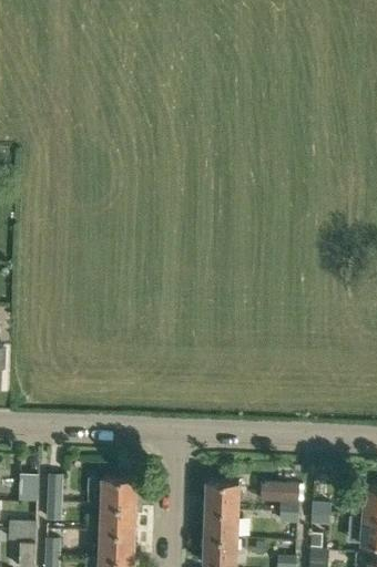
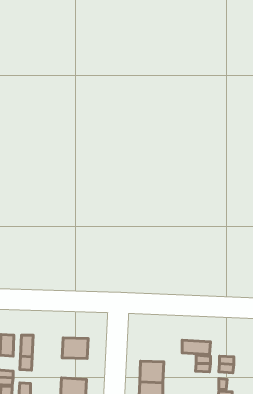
building: [206,482,238,511] -> none
building: [101,505,135,534] -> none

